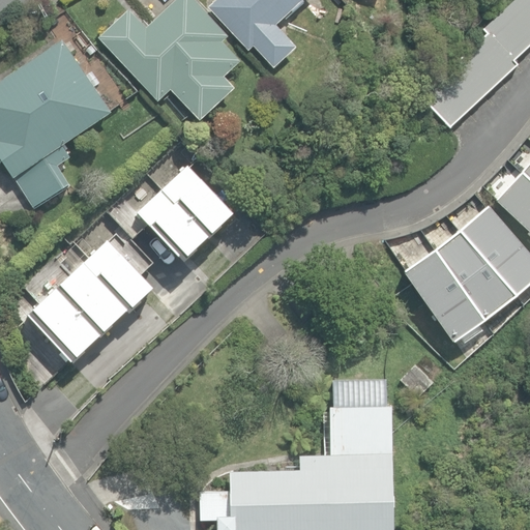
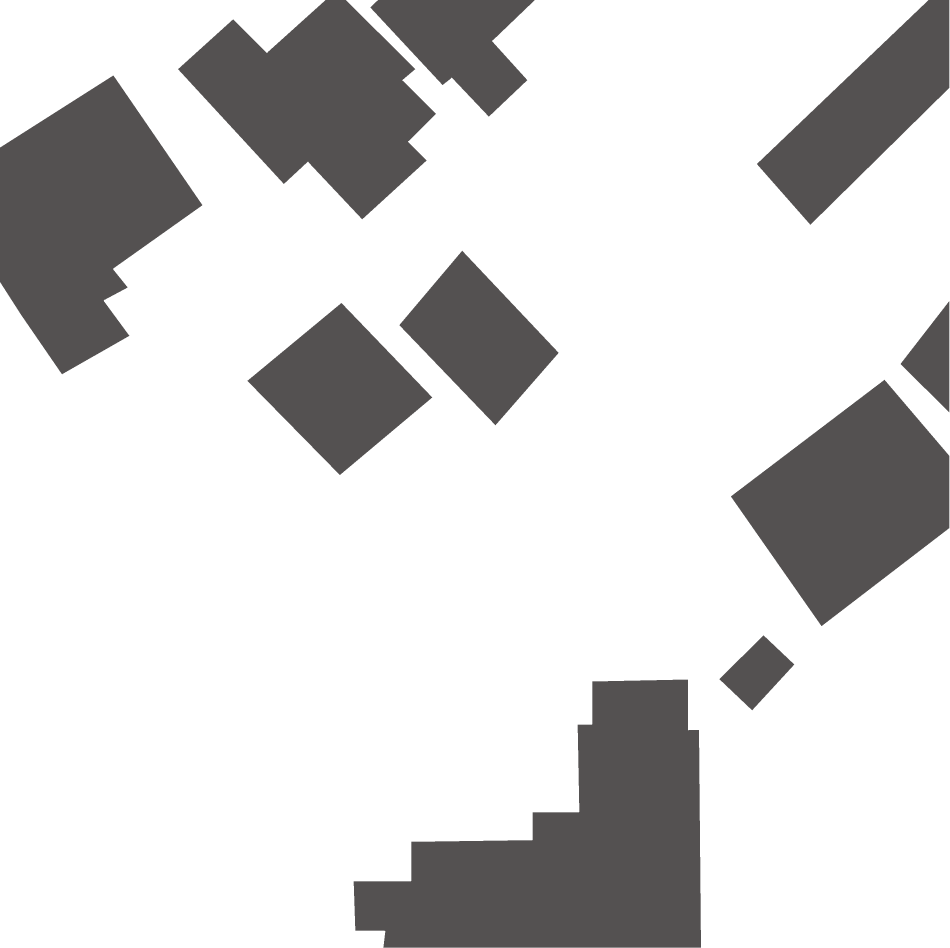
building: none -> [398,250,560,426]
building: [30,243,159,366] -> none

